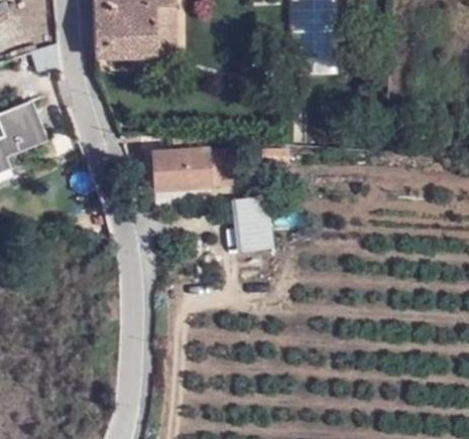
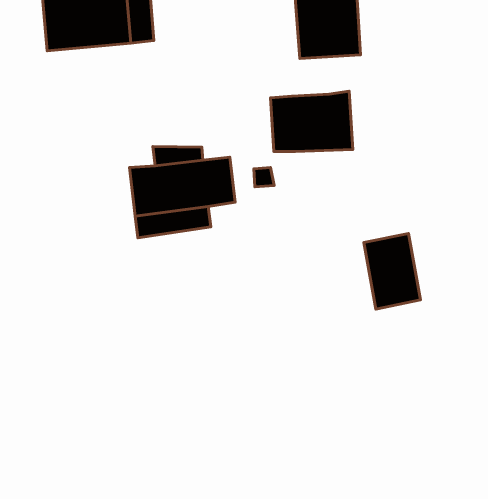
building: none -> [271,91,353,151]
building: [232,193,273,251] -> [364,233,420,309]

